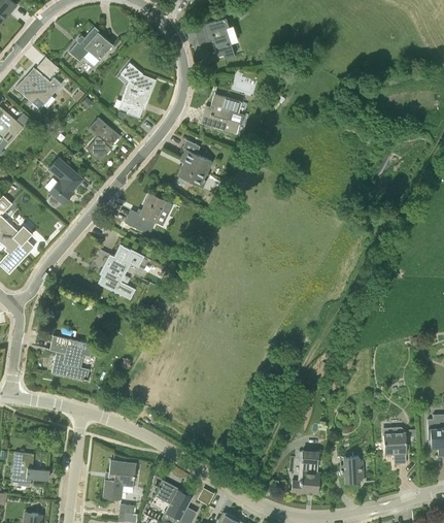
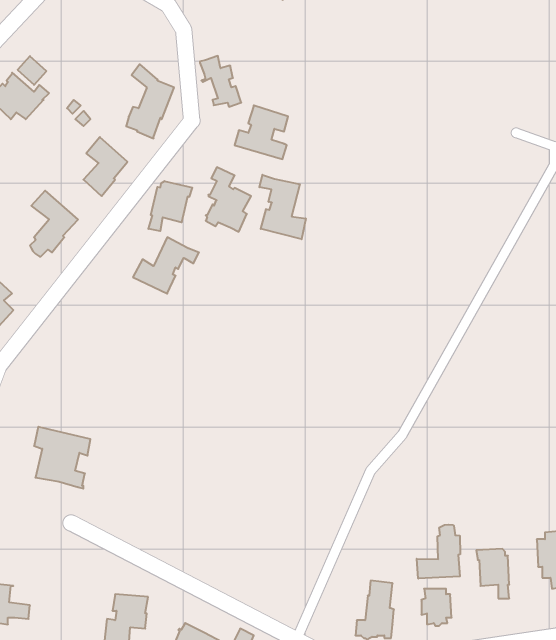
building: [203,20,234,58] -> [200,56,241,107]
building: [69,26,112,65] -> none
building: none -> [259,175,306,239]
building: none -> [148,181,192,231]
building: [98,244,144,299] -> none
building: none -> [417,525,460,579]

